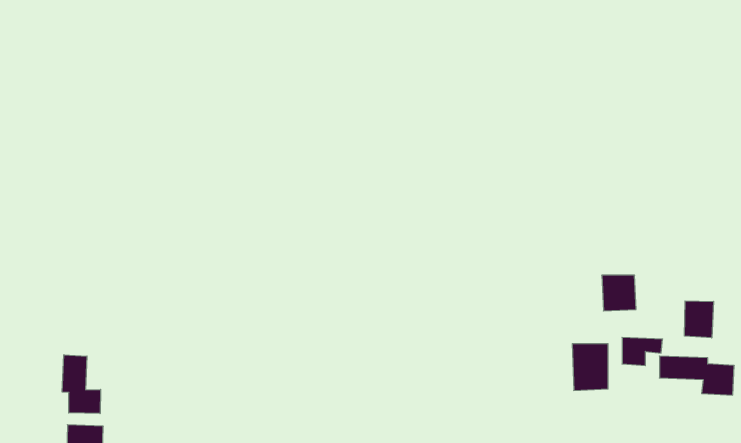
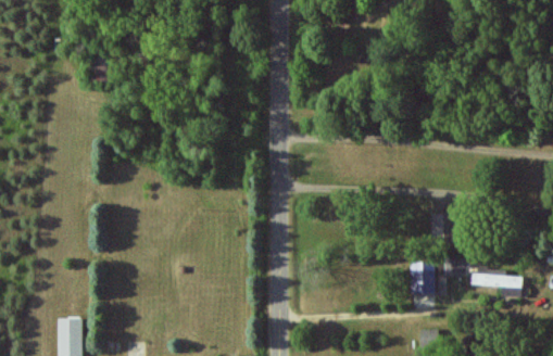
building: [685,301,714,338] -> none
building: [62,355,101,414] -> none

